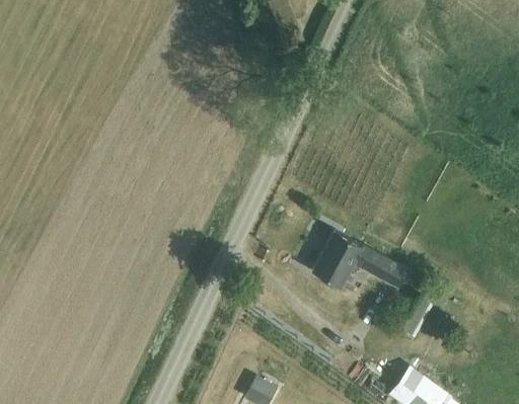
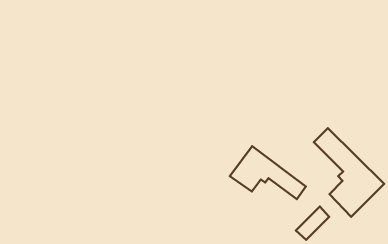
building: none -> [314,128,384,217]

